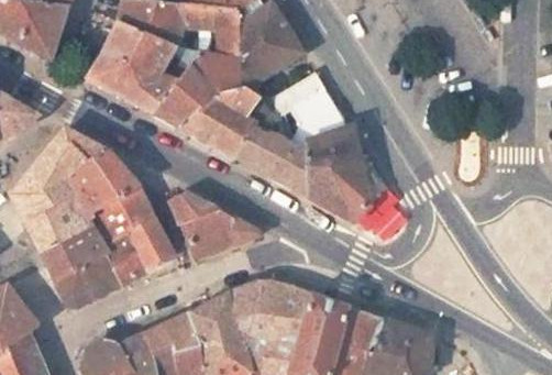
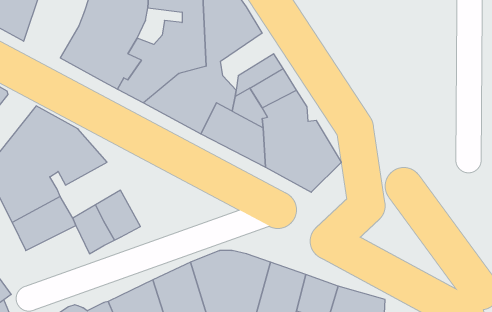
building: [86,188,153,247] -> none
building: [169,191,261,257] -> none
building: [53,255,120,308] -> none

